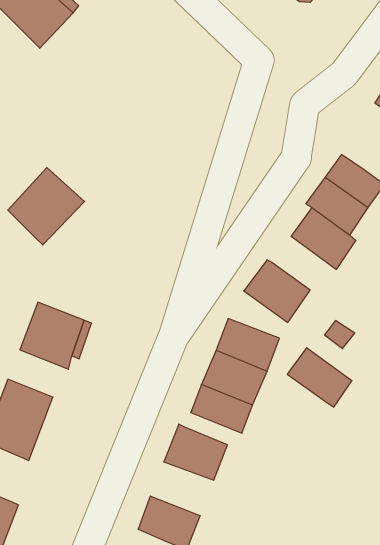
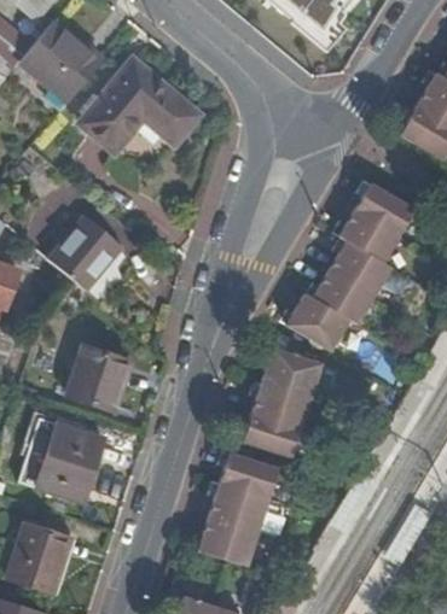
building: none -> [81,60,195,147]
building: [287,348,352,407] -> [306,265,368,321]
building: none -> [203,491,263,540]

